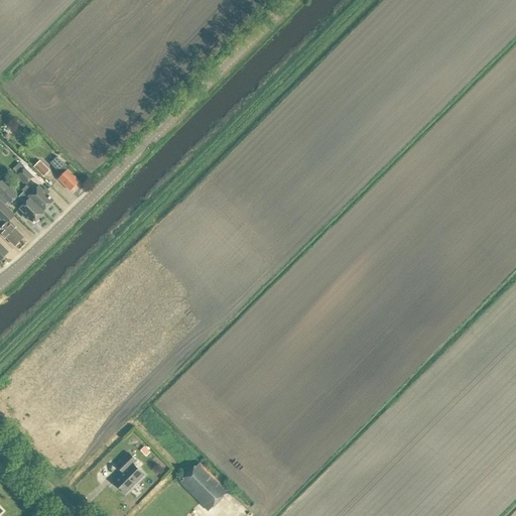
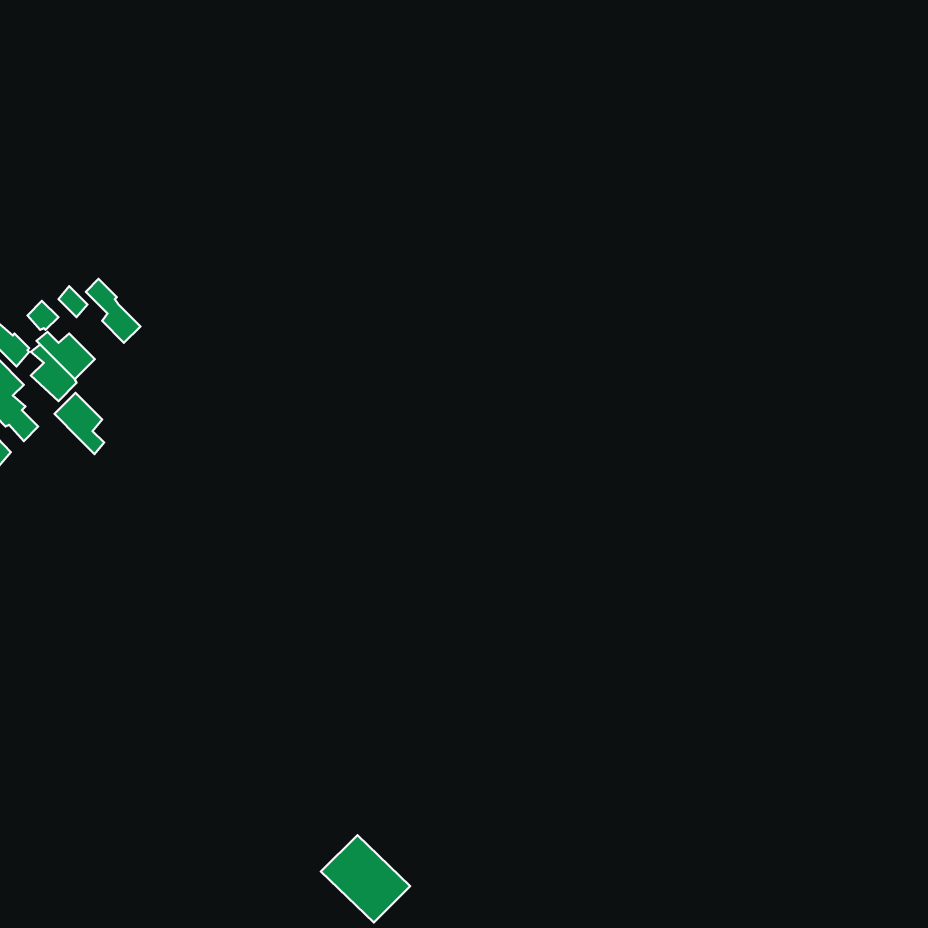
building: none -> [54,393,104,454]
building: [111,452,142,494] -> none

